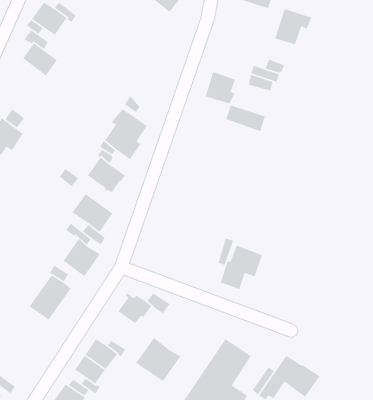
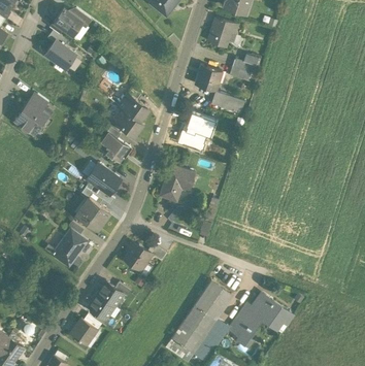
building: [274,8,312,45] -> [206,18,237,47]
building: none -> [177,114,212,153]
building: [220,245,263,290] -> [159,166,194,203]
building: [135,337,186,385] -> none

